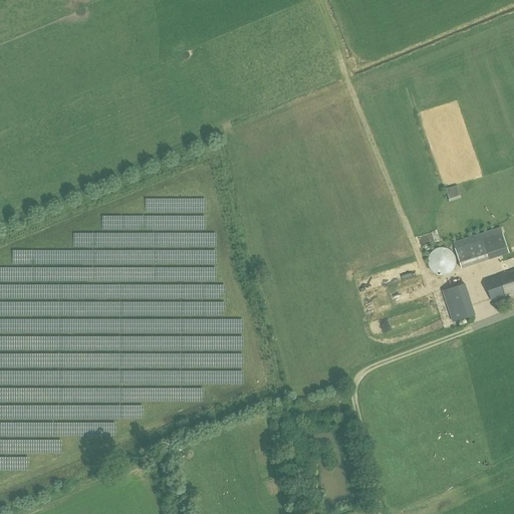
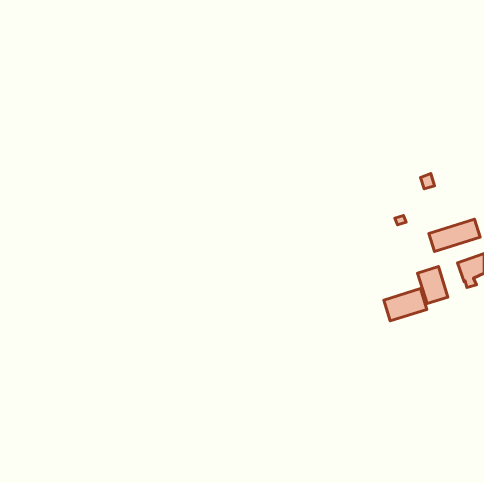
building: [427,245,455,274] -> none
building: none -> [384,289,427,321]

